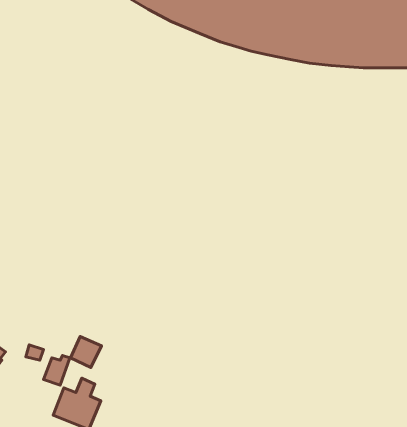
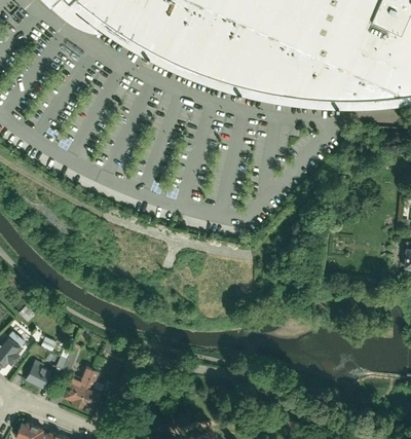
building: [71,336,102,367] -> [26,360,52,387]

